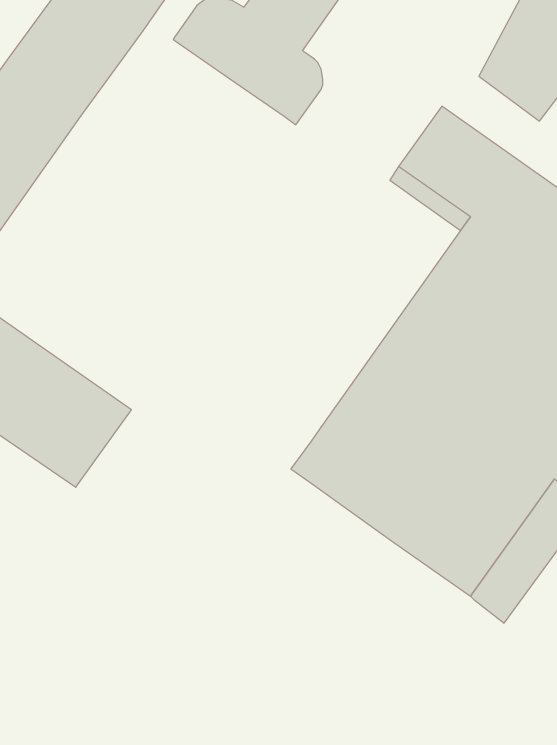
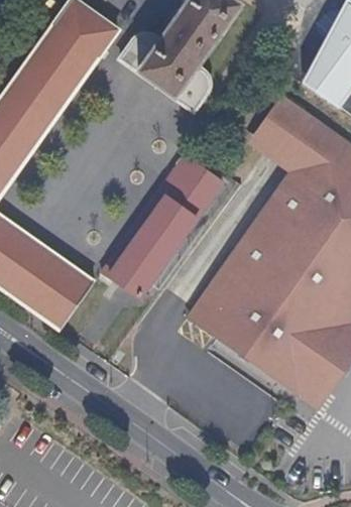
building: none -> [102,155,221,296]

